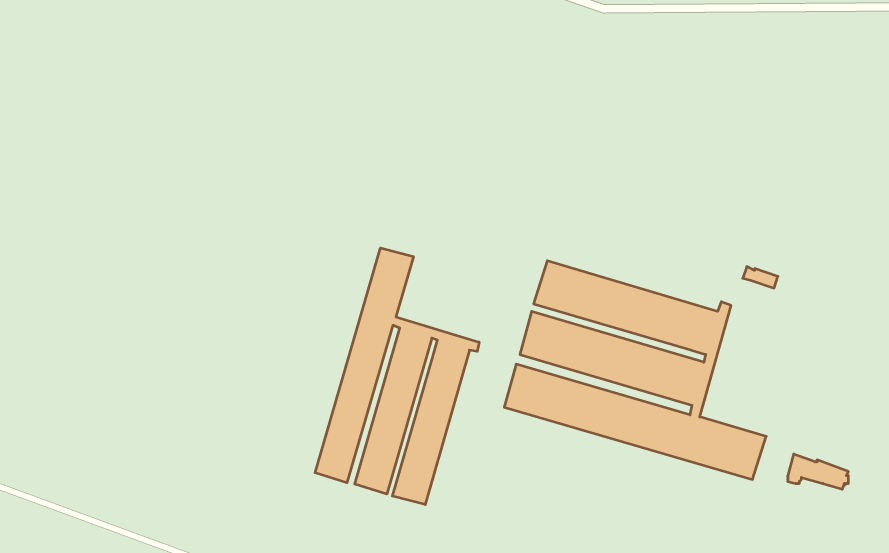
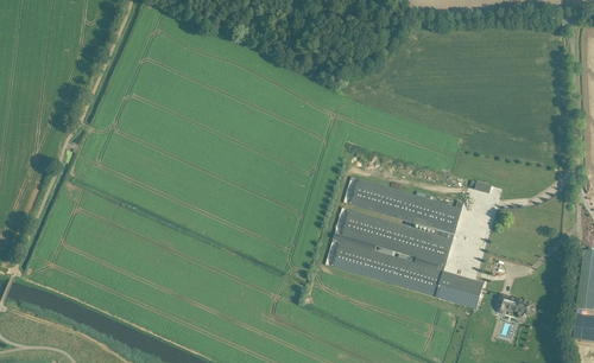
building: [315,248,479,505] -> none

